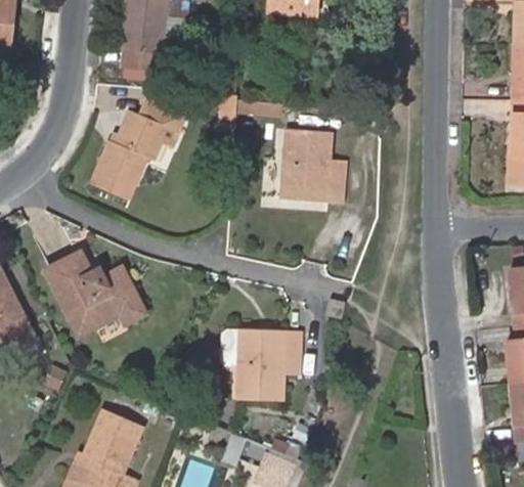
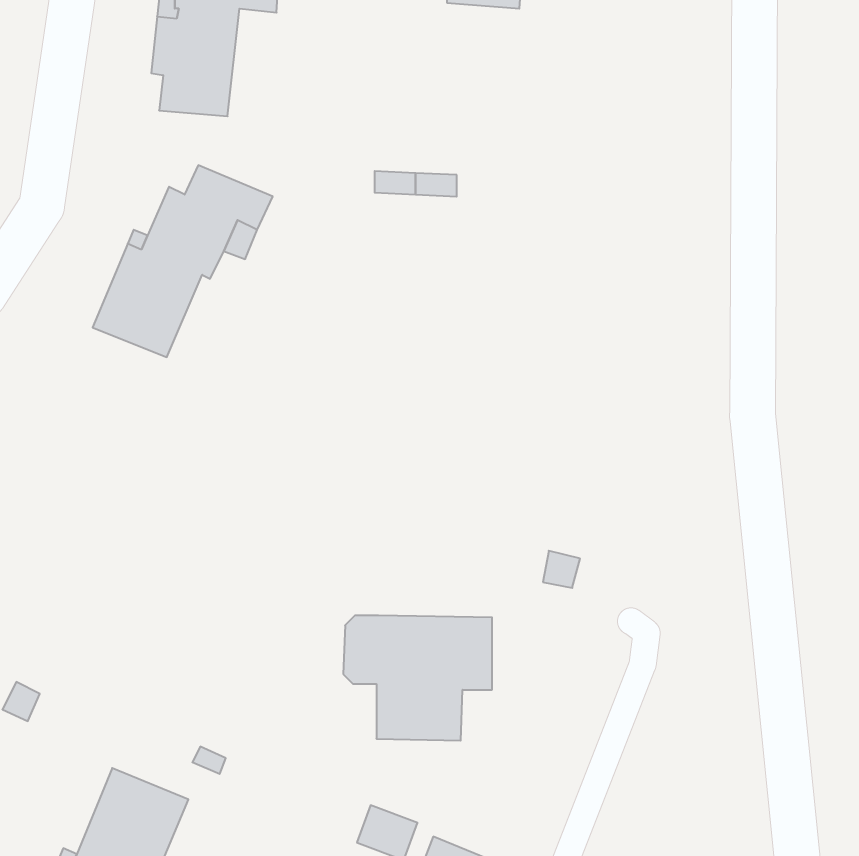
building: [281,131,344,201] -> none
building: [46,254,143,335] -> none

